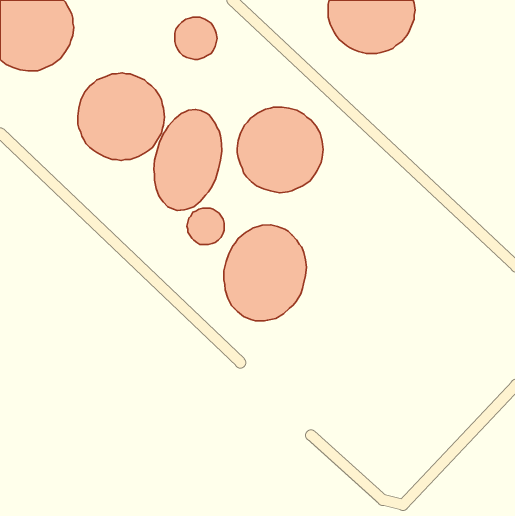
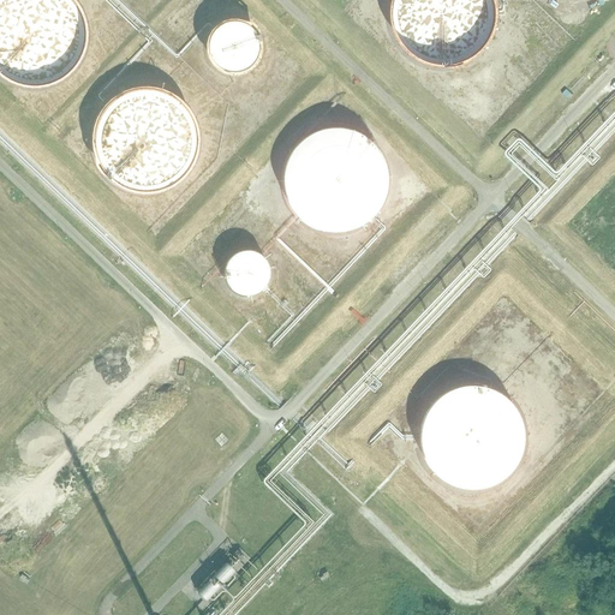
building: [154,109,222,211] -> none
building: [224,225,306,321] -> none
building: none -> [420,386,521,486]

